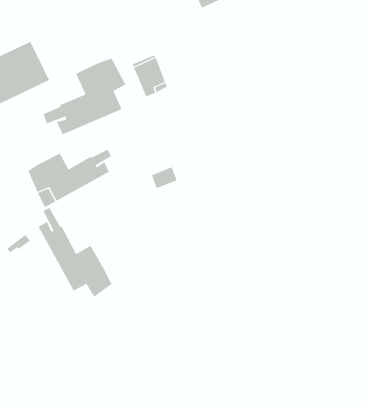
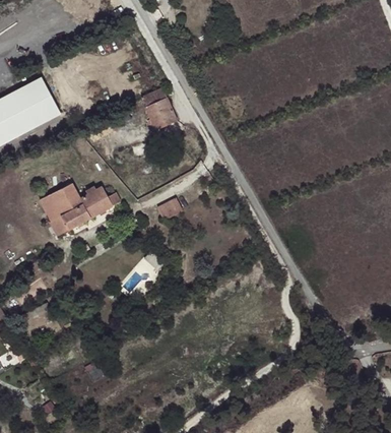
building: [43,58,126,135] -> none
building: [38,207,112,298] -> none

